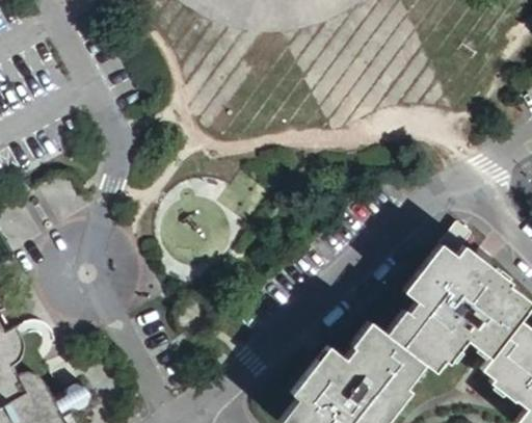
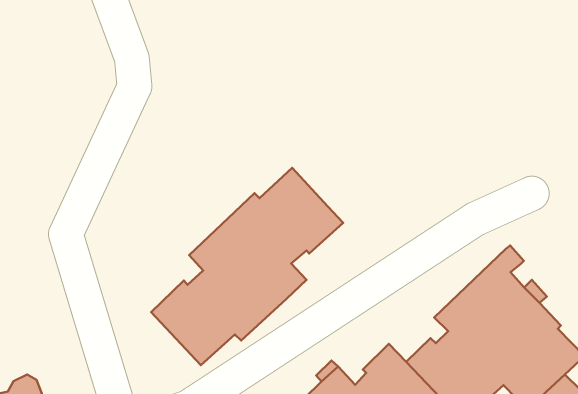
building: none -> [151,168,343,365]

